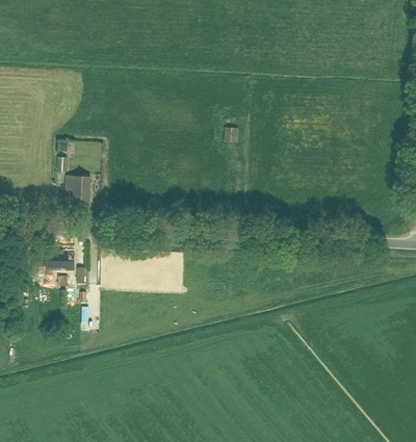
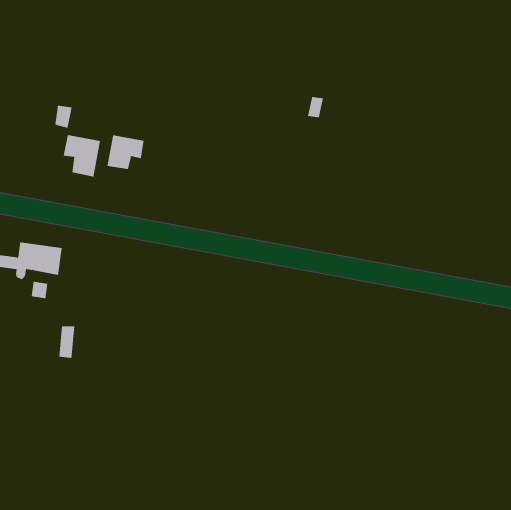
building: none -> [107,134,144,170]

